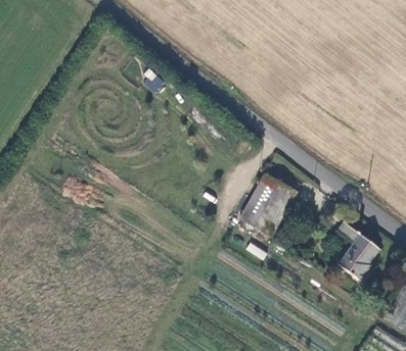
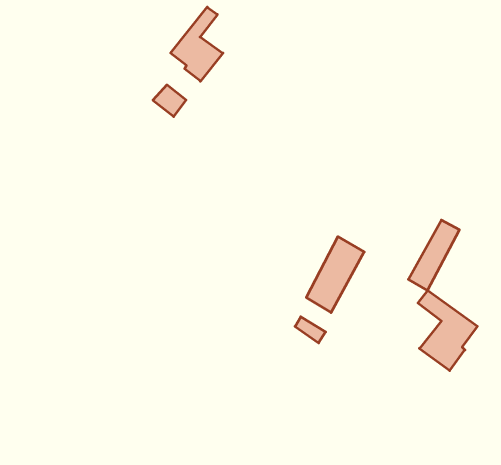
building: none -> [171,7,223,81]
building: [238,173,276,225] -> [408,220,459,290]

